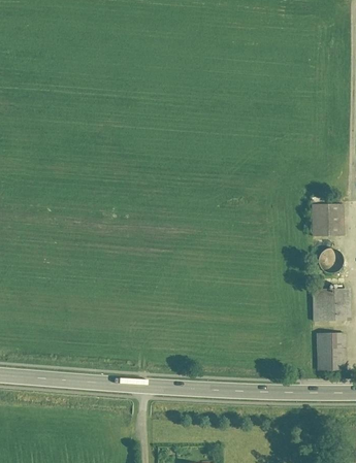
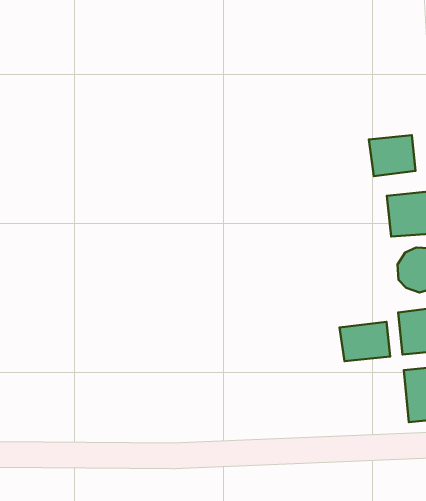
building: none -> [369,135,415,176]
building: none -> [340,322,390,361]

